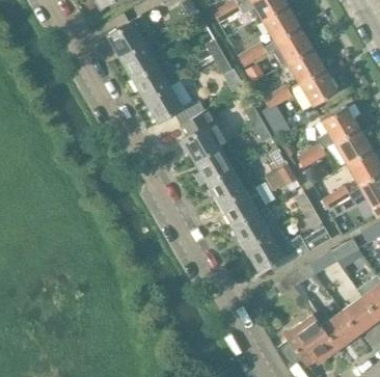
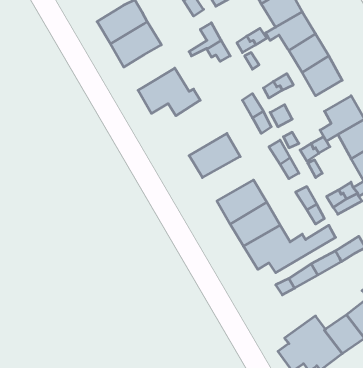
building: [133,59,181,102] -> none
building: [182,109,229,163] -> none
building: [207,164,254,206] -> none

